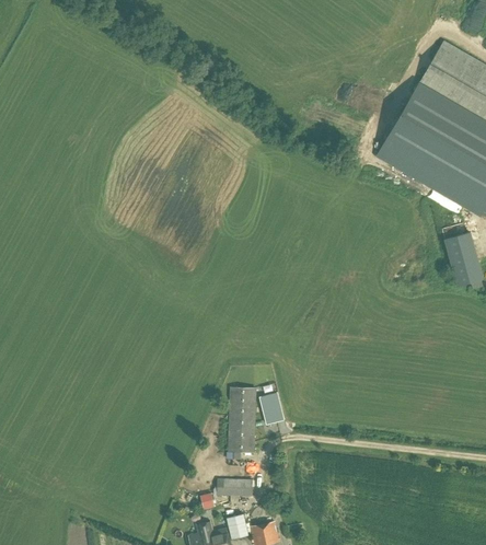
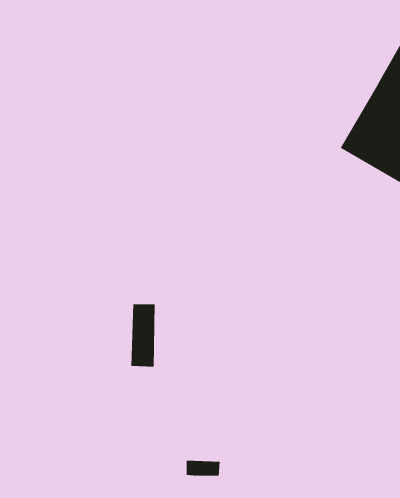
building: [229,387,255,453] -> [130,304,156,367]
building: [259,393,284,424] -> none

